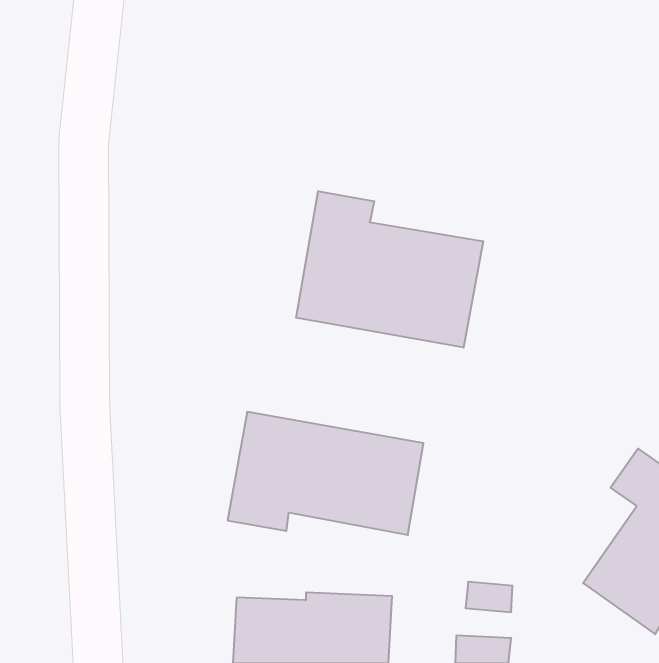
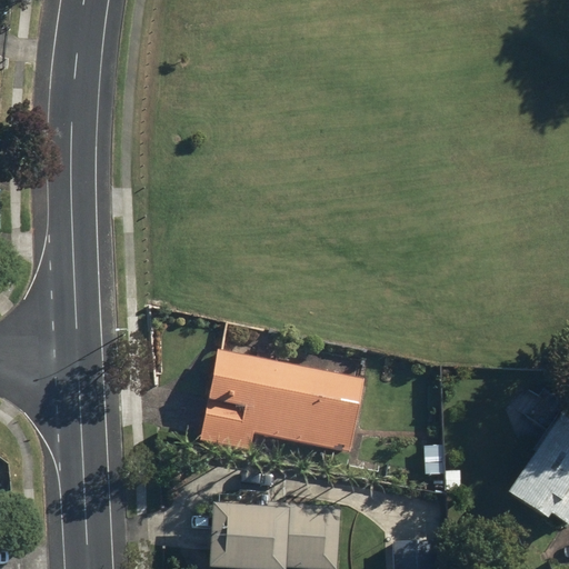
building: [296,191,483,348] -> none

